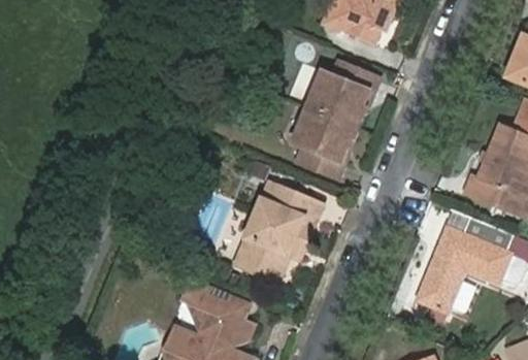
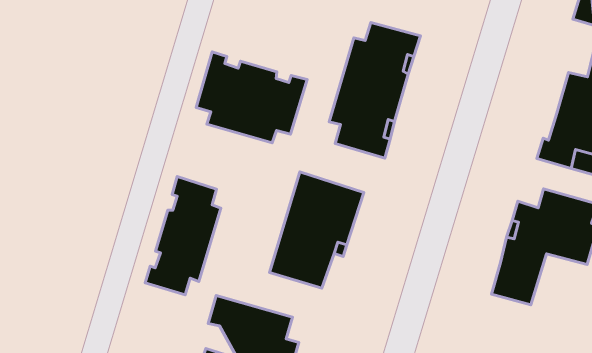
building: none -> [196,52,307,143]
building: none -> [145,176,221,295]

